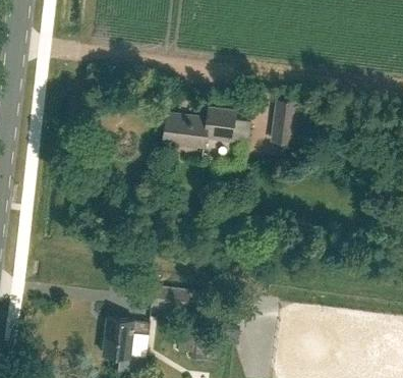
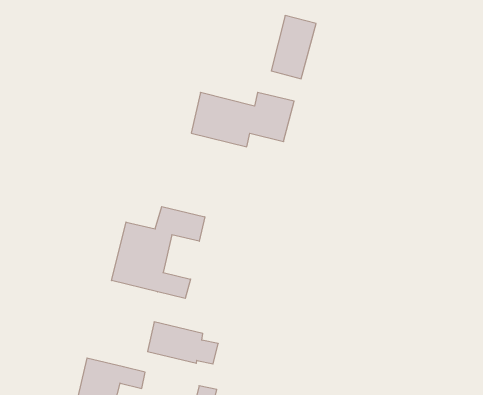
building: [271,100,299,145] -> [271,16,316,79]
building: none -> [112,207,205,298]

